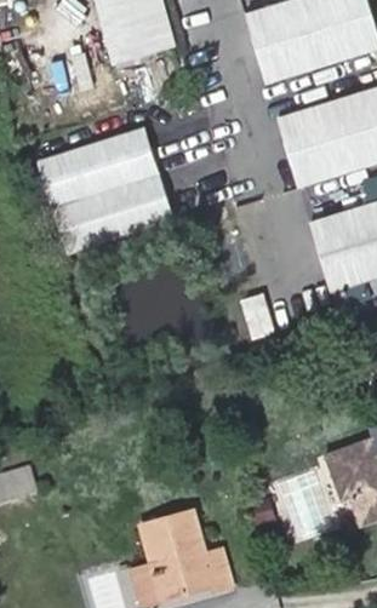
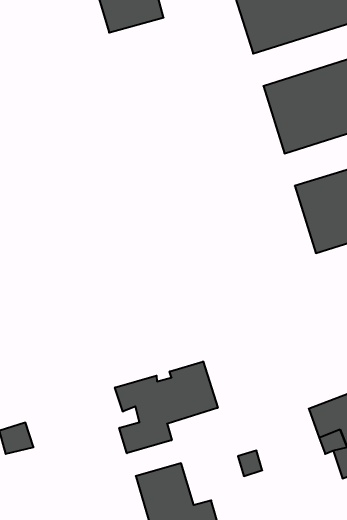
building: [41,127,173,251] -> none
building: none -> [115,361,218,453]

